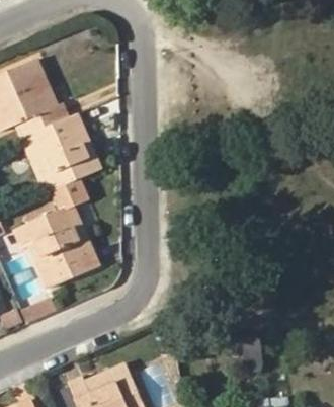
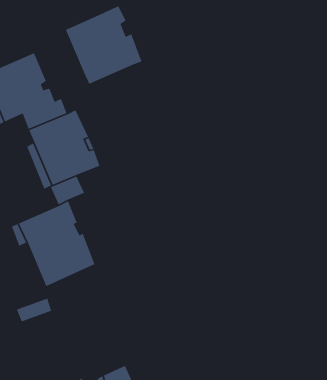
building: none -> [65,5,142,85]

